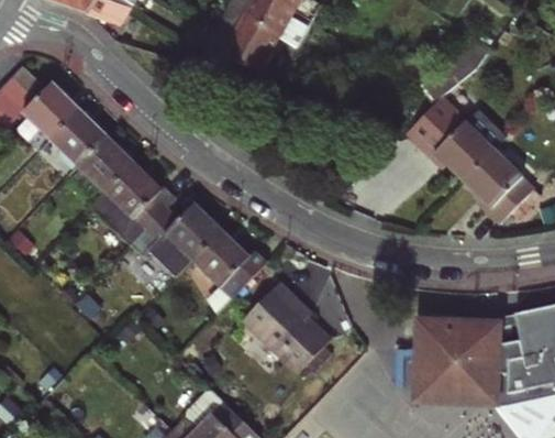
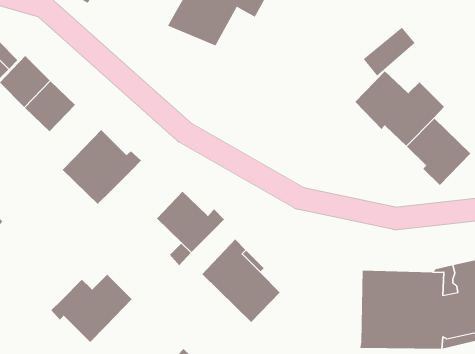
building: [78,136,134,193] -> none
building: [133,202,222,277] -> [51,274,133,343]

